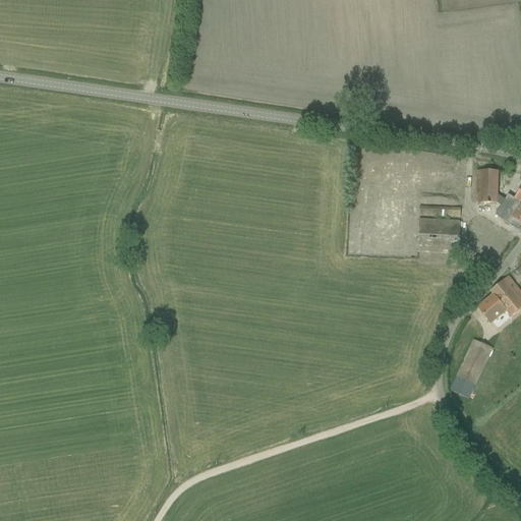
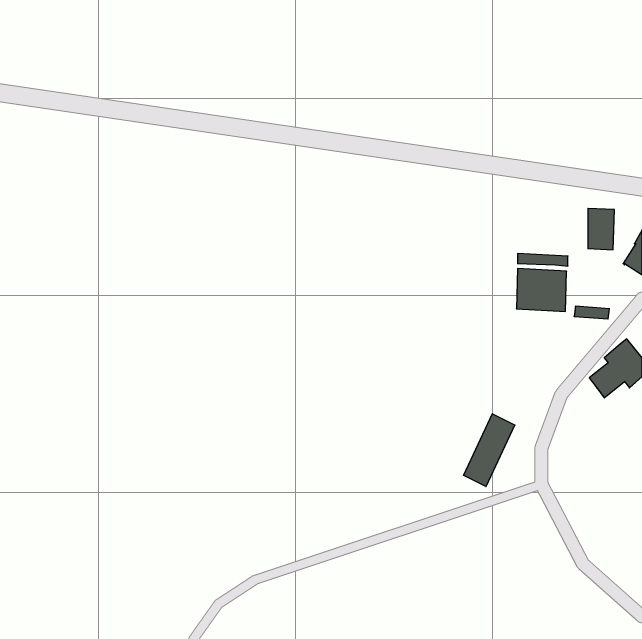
building: [450,339,491,398] -> [463,414,515,487]

